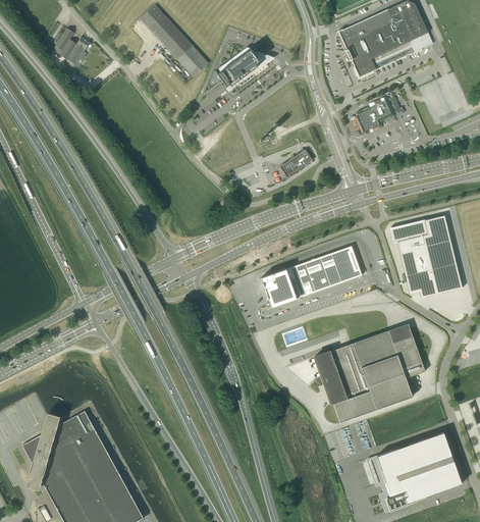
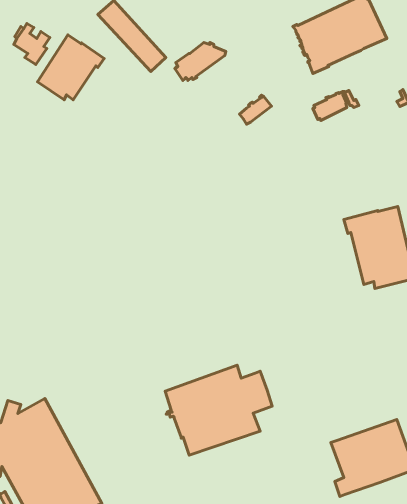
building: none -> [37,35,104,100]
building: [276,149,309,178] -> [239,95,271,124]
building: [261,245,362,307] -> none
building: [315,329,424,421] -> [165,365,272,455]

